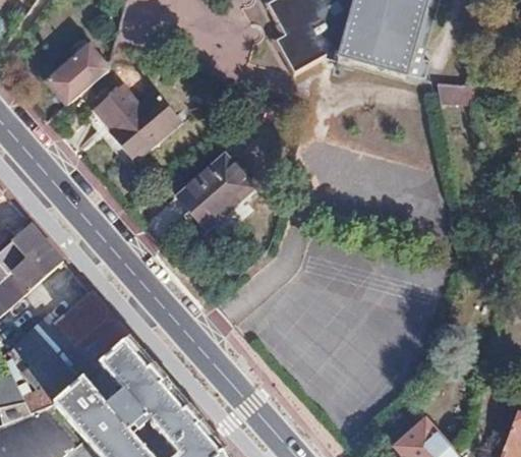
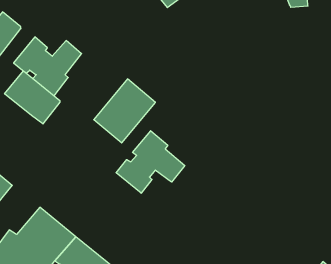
building: none -> [5,71,60,124]
building: none -> [116,131,185,193]

